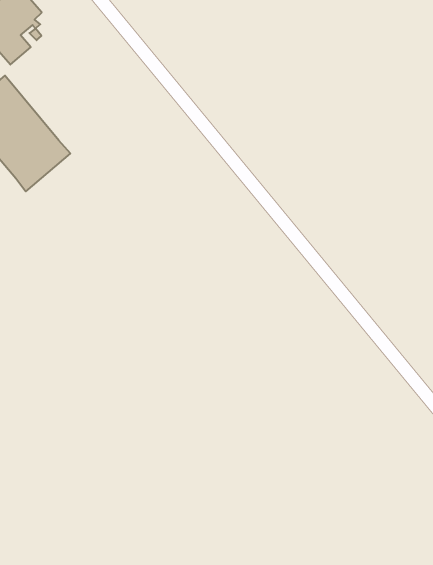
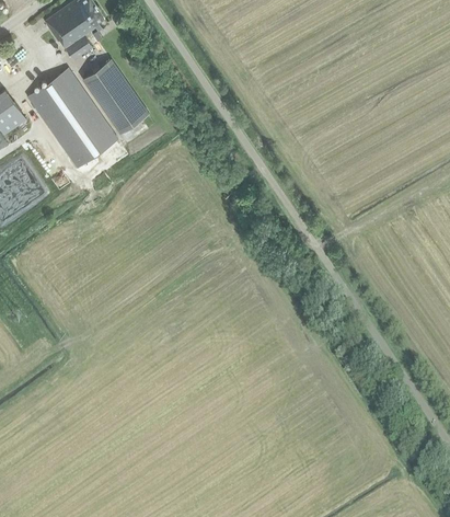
building: none -> [82,58,149,133]

